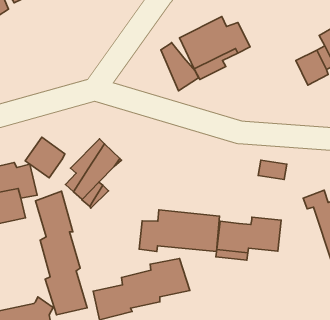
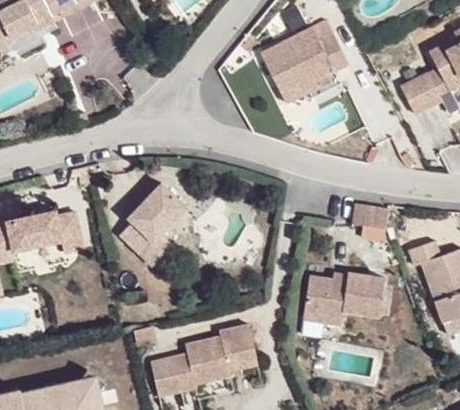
building: [161,43,199,91] -> none
building: [25,137,65,178] -> none
building: [36,191,87,315] -> none
building: [139,210,219,252] -> none

